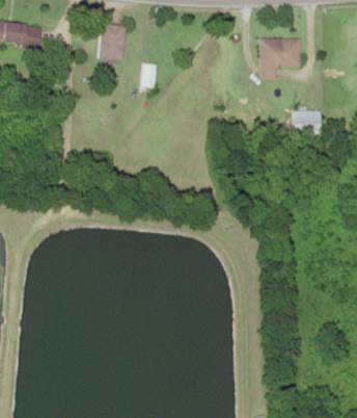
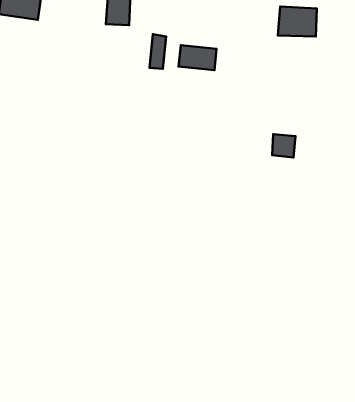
building: none -> [179,45,217,70]
building: [294,111,315,133] -> [272,134,296,158]

